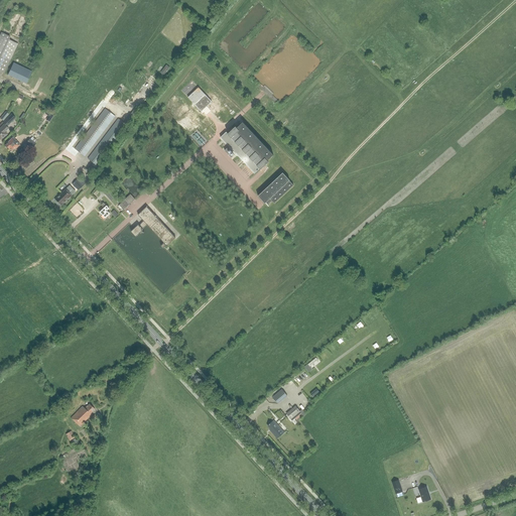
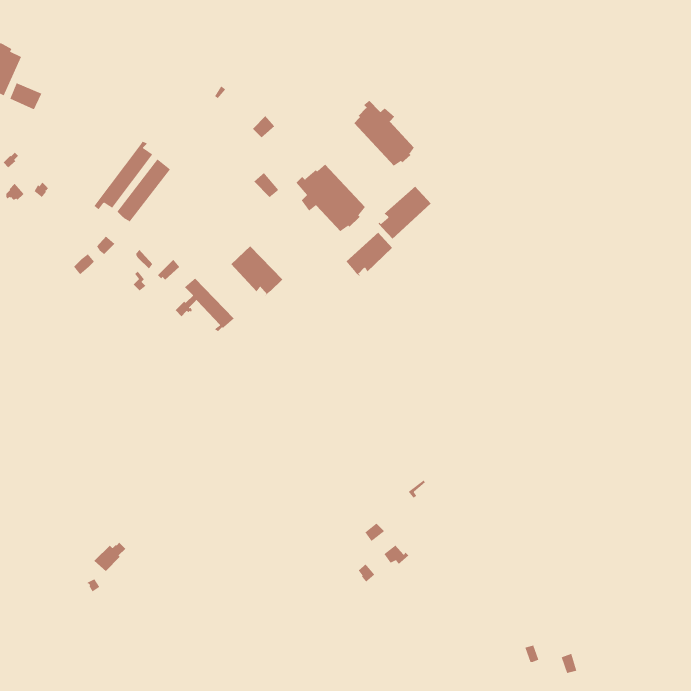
building: none -> [354,100,415,166]
building: none -> [378,186,432,239]
building: none -> [231,245,283,297]

